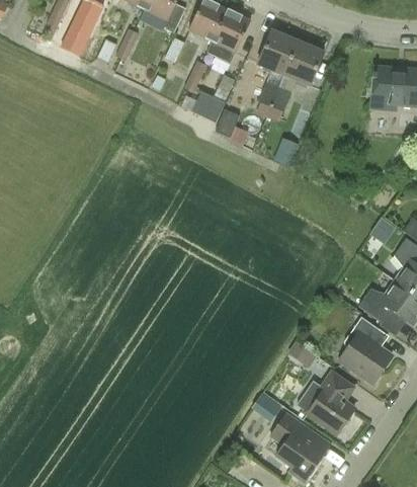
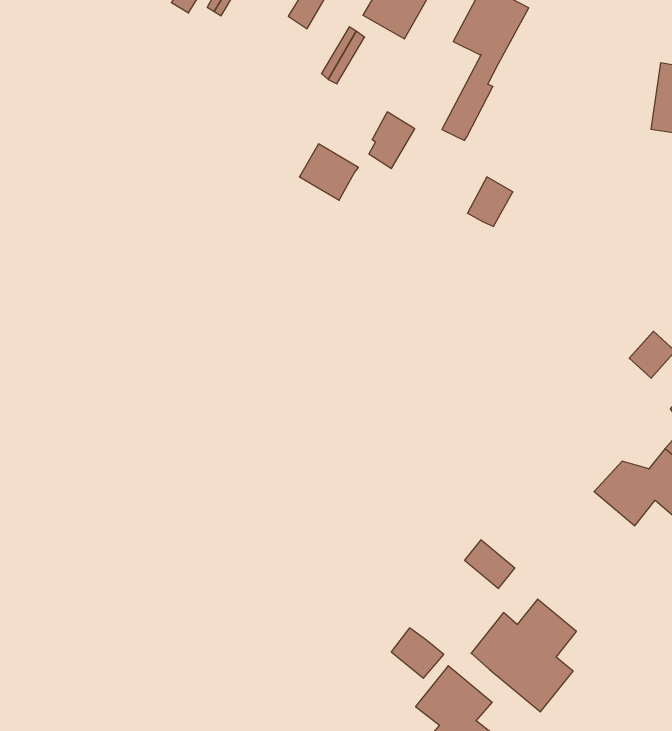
building: [269,42,324,121] -> none
building: [193,92,226,123] -> [299,144,358,200]
building: [339,316,392,383] -> none

